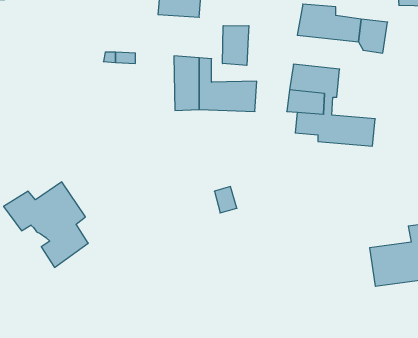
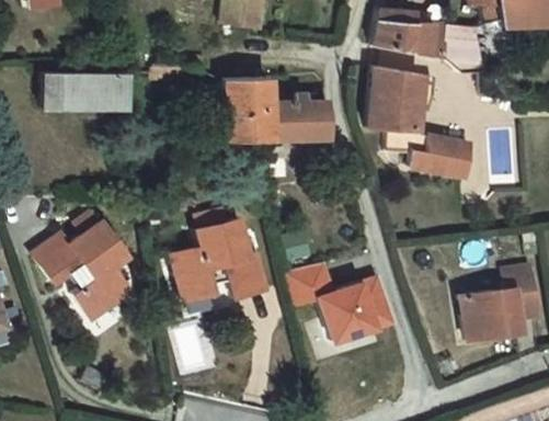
building: [223,26,249,65] -> none
building: none -> [46,77,128,114]
building: none -> [173,219,270,304]
building: none -> [283,260,397,342]

